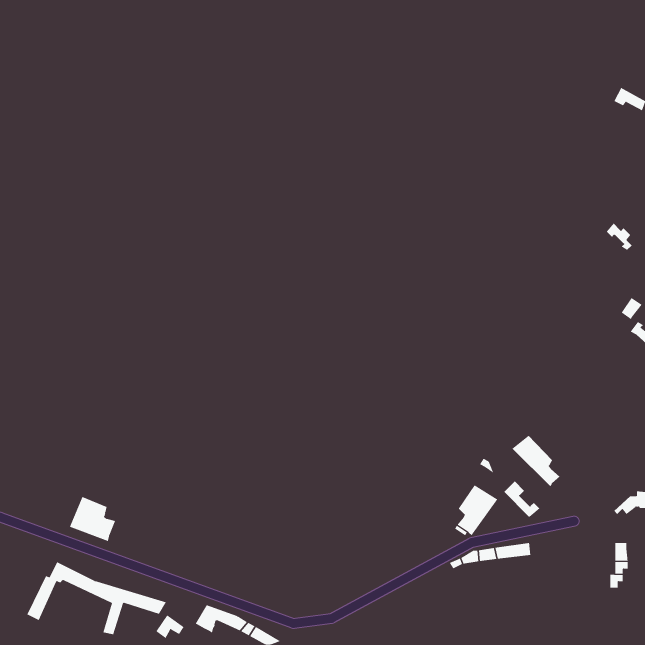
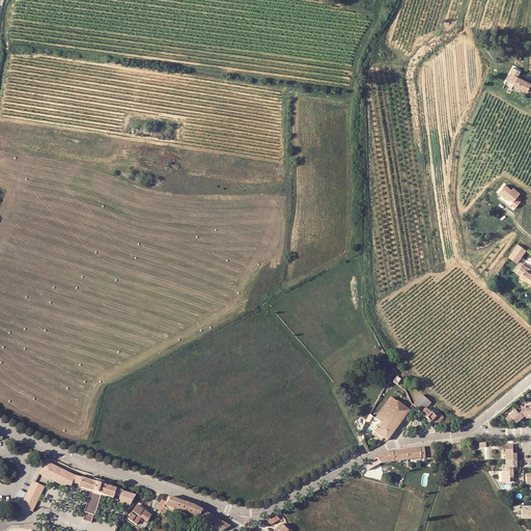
building: [512,435,560,487] -> none
building: [69,496,116,542] -> none

